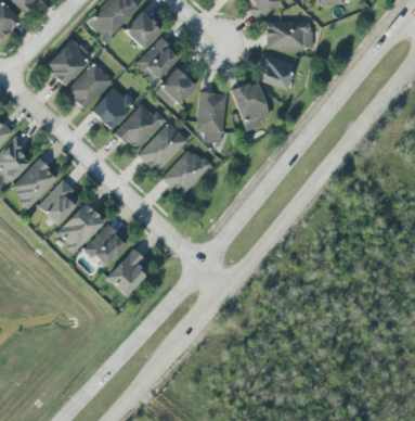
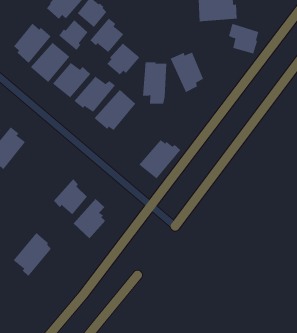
building: none -> [58,19,88,51]
building: [258,52,295,90] -> [228,23,259,54]
building: [161,150,212,196] -> [139,139,181,179]
building: [38,179,78,225] -> none
building: [56,202,103,254] -> [13,232,52,277]

